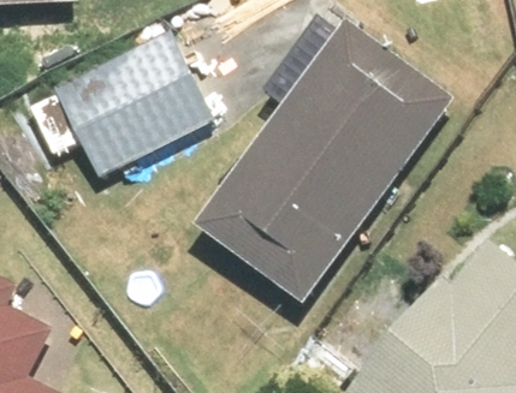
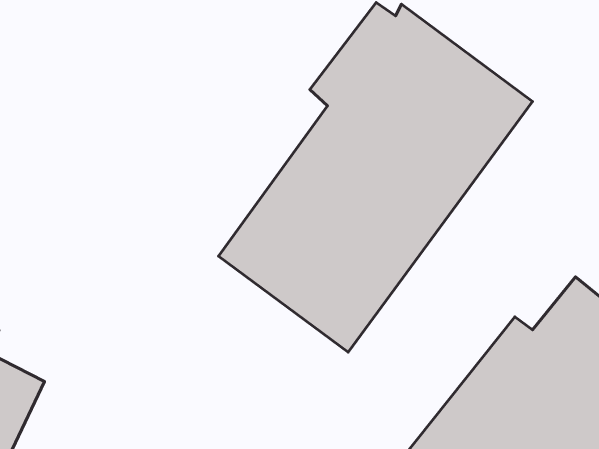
building: [54,30,209,172] -> none

